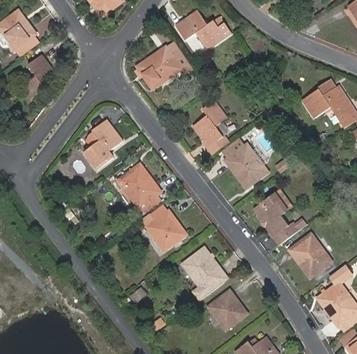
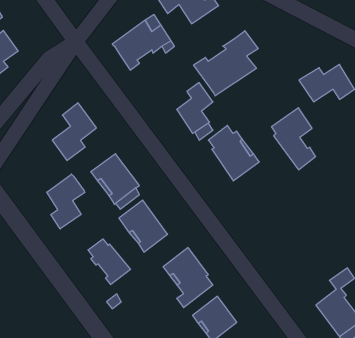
building: none -> [194,31,258,96]
building: none -> [47,174,85,229]
building: [255,189,294,244] -> [271,108,316,170]
building: [288,233,330,278] -> none
building: none -> [88,239,130,285]

